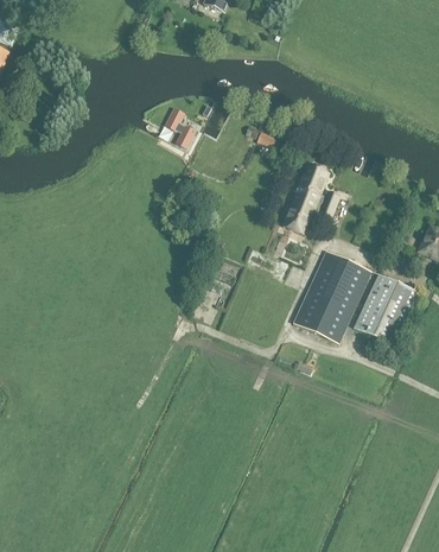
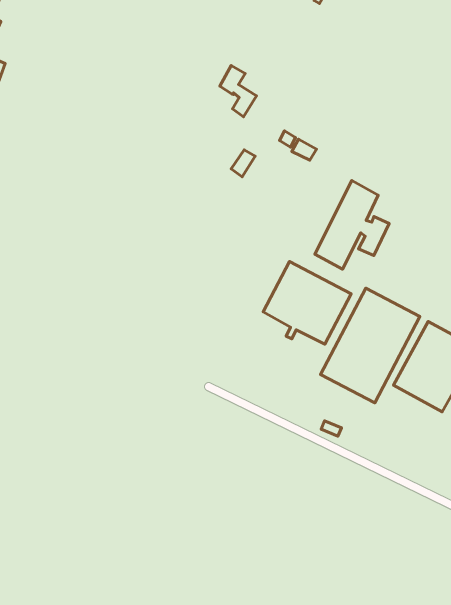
building: [165,106,196,147] -> [220,65,257,117]
building: none -> [263,261,351,344]

